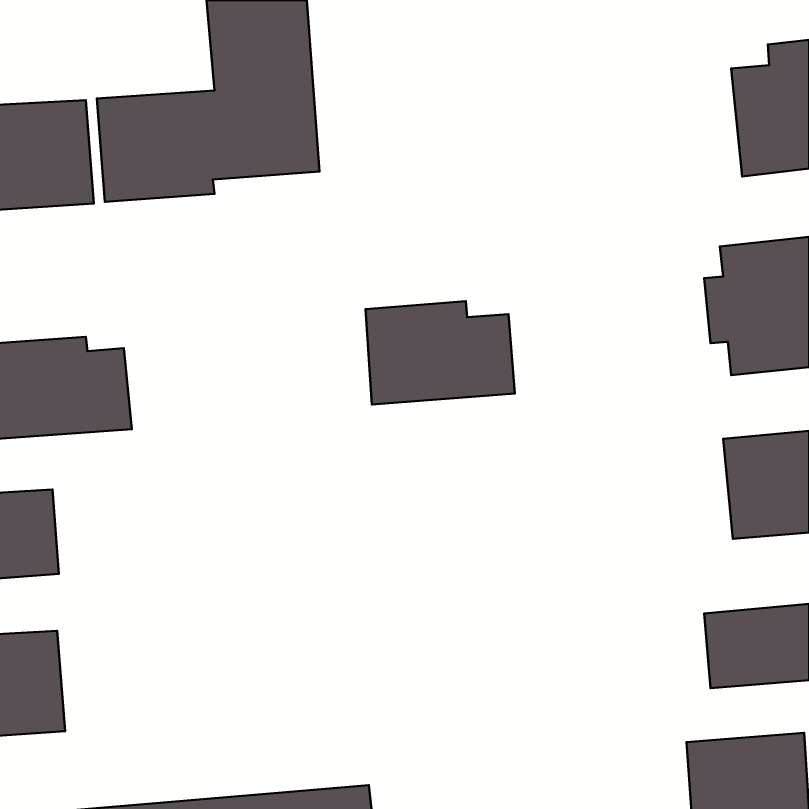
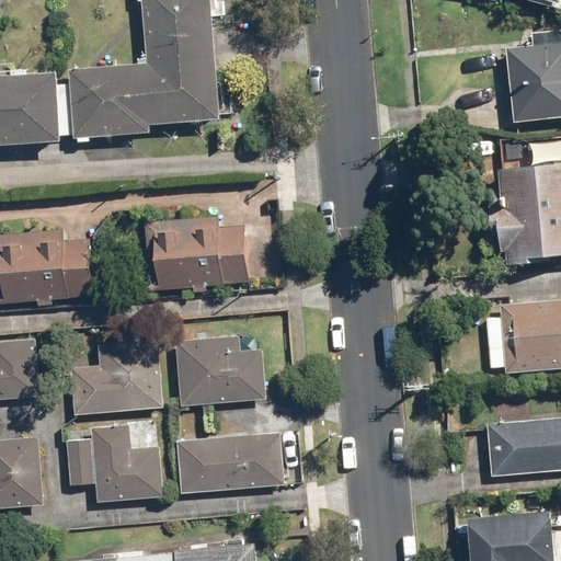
building: [366,301,515,405] -> [145,218,248,289]
building: none -> [173,336,266,409]
building: none -> [68,341,163,416]
building: none -> [66,424,163,503]
building: none -> [178,431,285,493]

